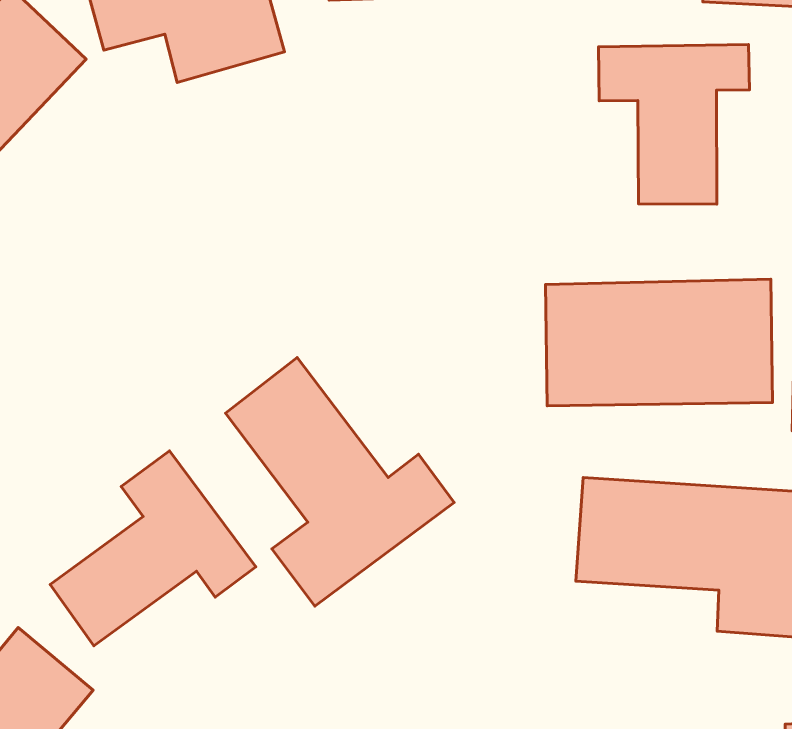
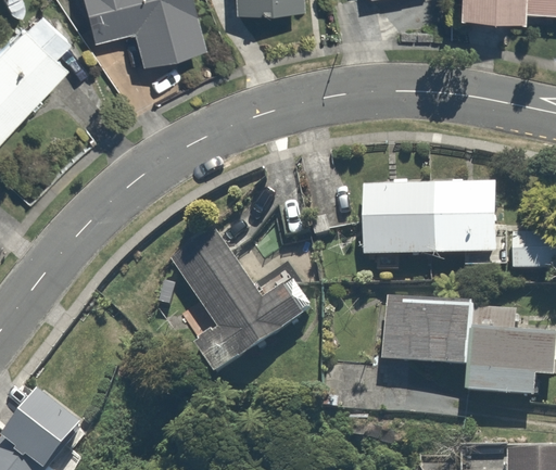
building: [599,44,749,204] -> none
building: [50,451,256,646] -> none

